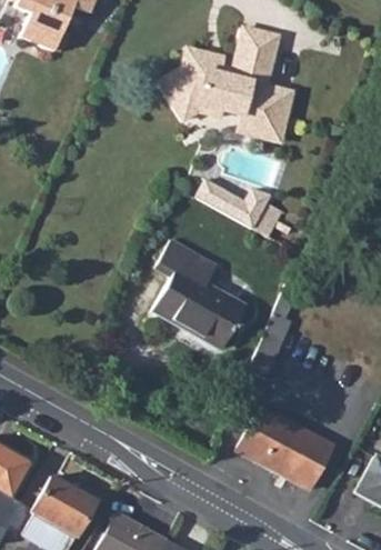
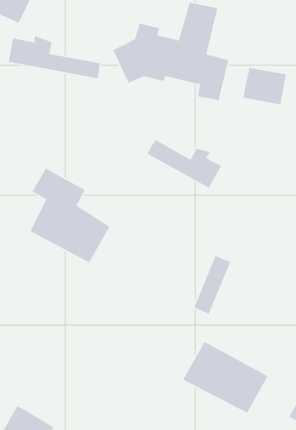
building: none -> [8,35,101,79]
building: none -> [243,67,287,105]
building: [154,232,244,339] -> [29,167,111,263]

